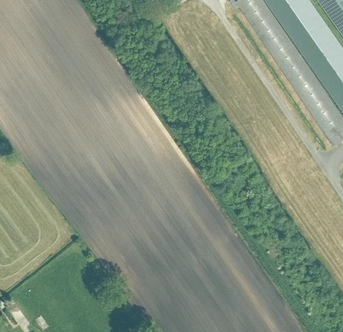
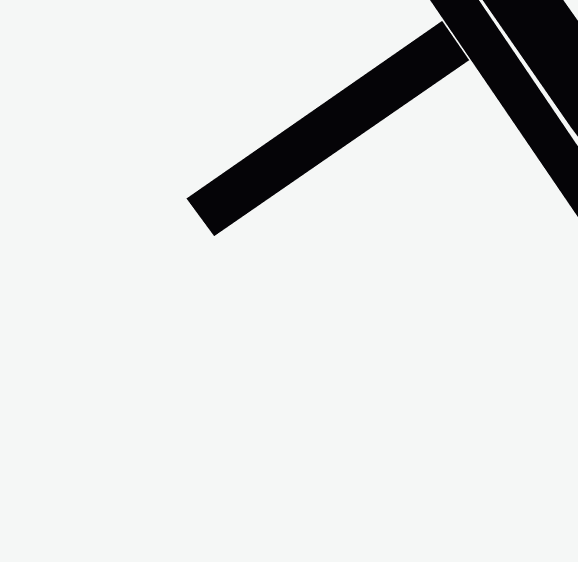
building: none -> [186,20,470,237]

